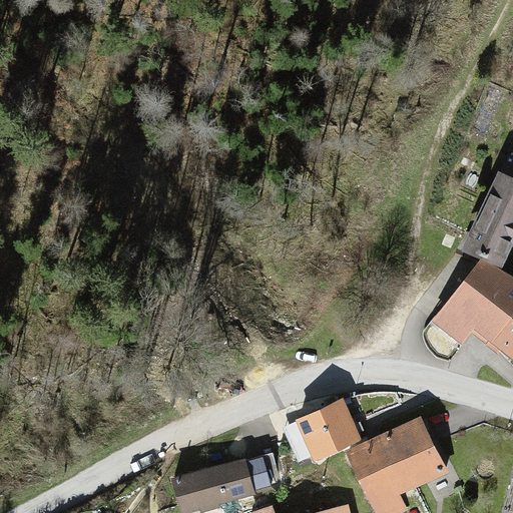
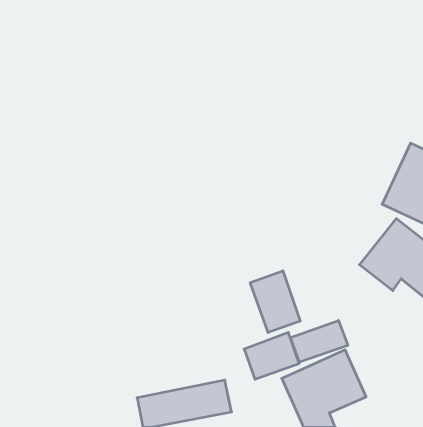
building: none -> [250,271,300,333]
building: none -> [291,320,348,362]

